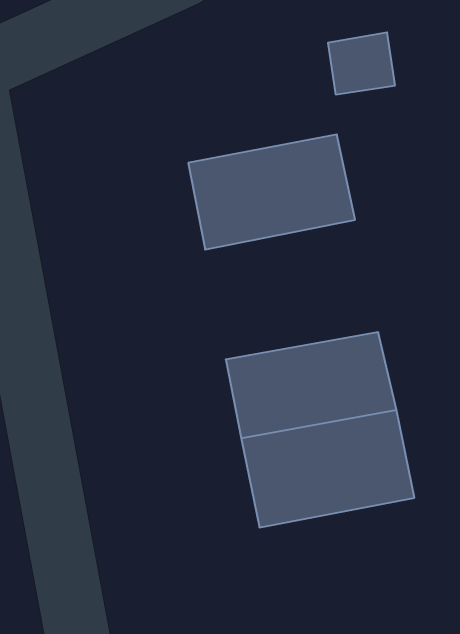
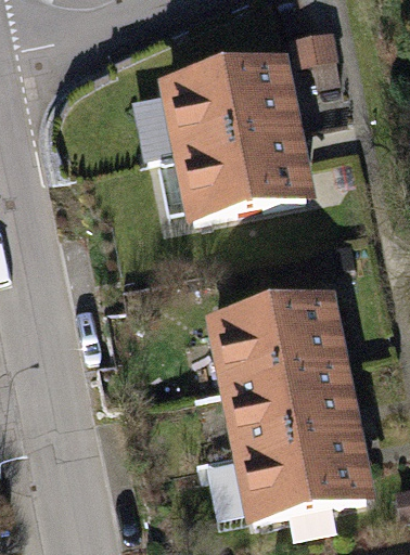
building: none -> [158,52,296,146]
building: none -> [231,427,374,515]

